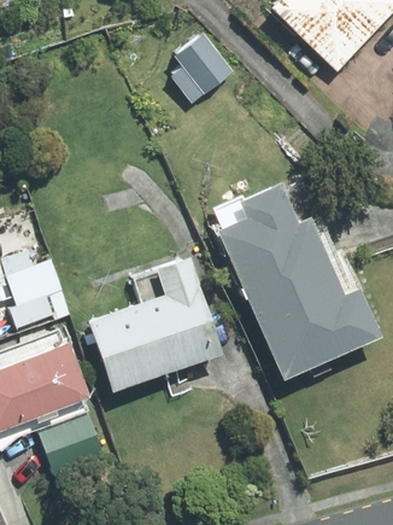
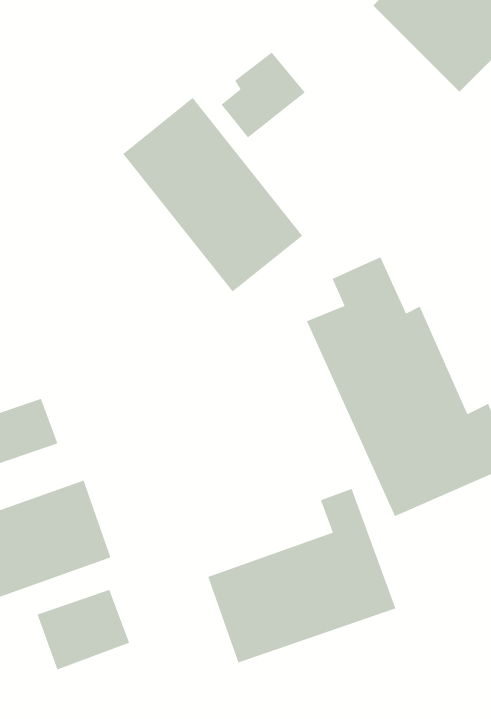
building: none -> [122,97,303,293]
building: [87,262,221,386] -> [207,488,397,663]

